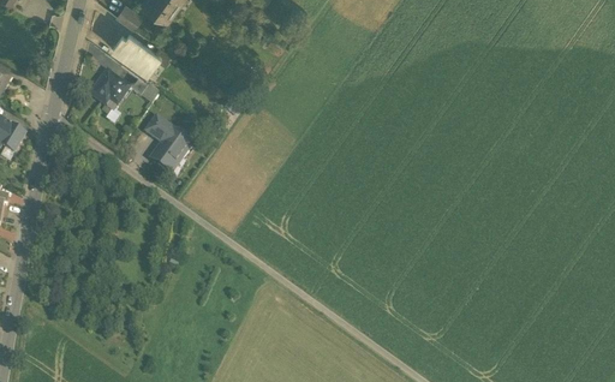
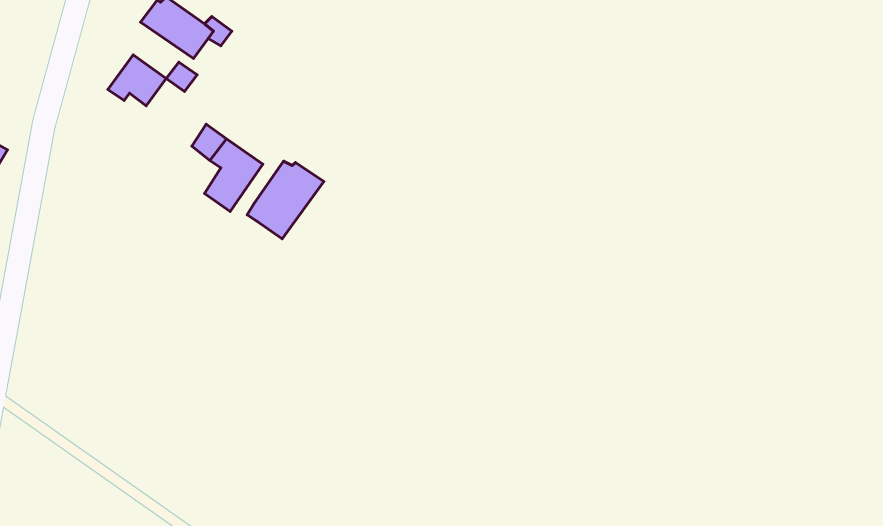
building: none -> [247,161,324,239]

